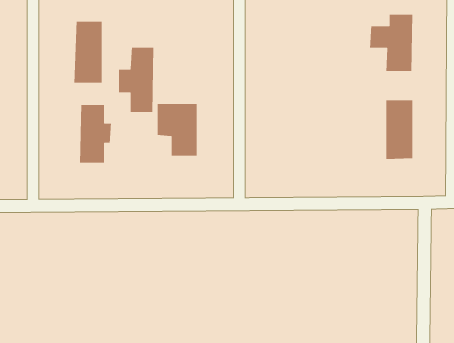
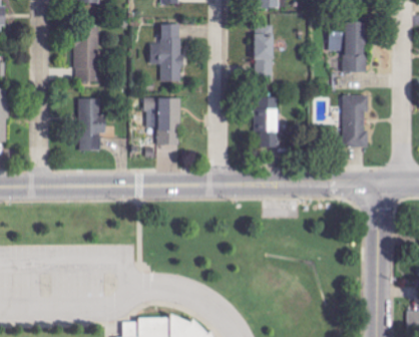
building: none -> [254,24,273,78]
building: [118,47,154,113] -> [149,23,180,80]
building: none -> [254,96,277,146]

